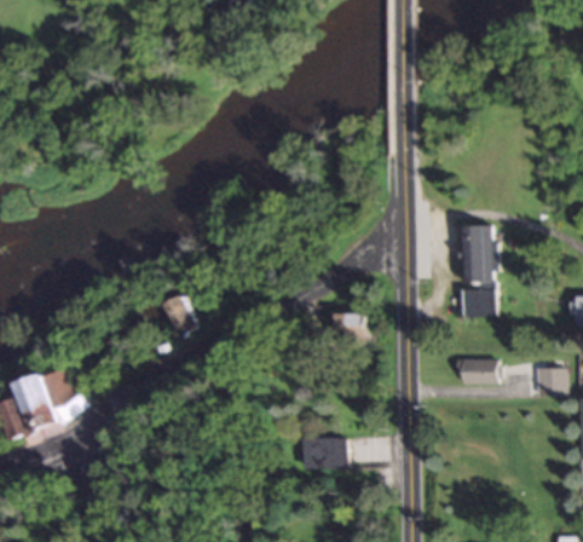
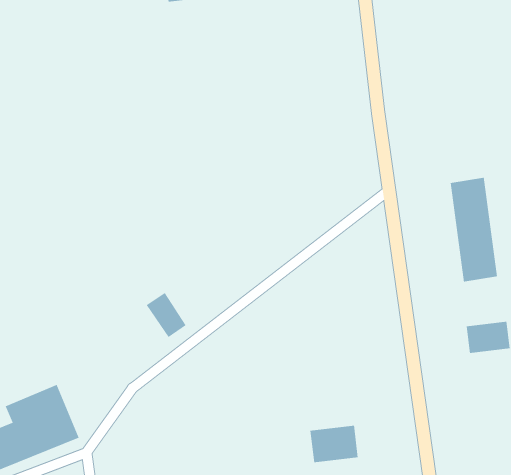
building: [336,312,365,339] -> none

